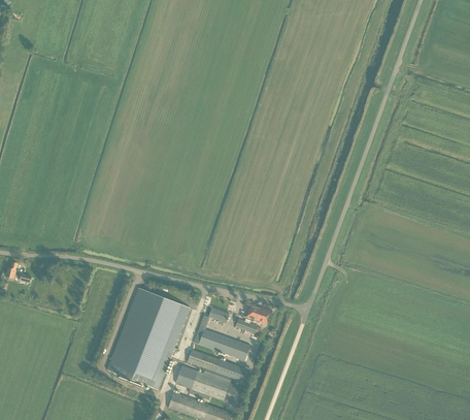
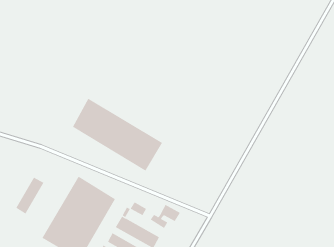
building: none -> [72,98,163,171]
building: none -> [15,177,44,214]

